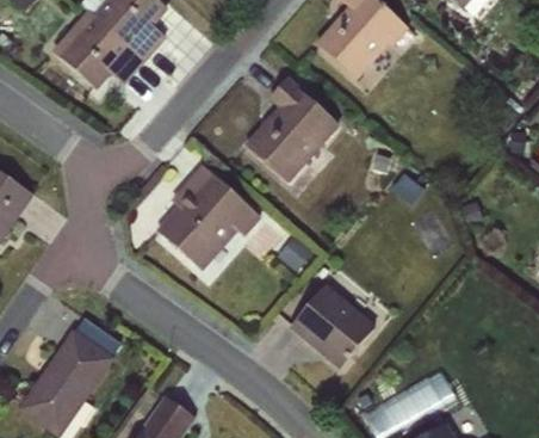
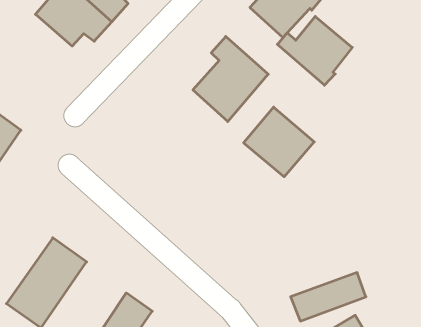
building: none -> [277,16,352,85]
building: [156,164,261,270] -> none
building: [289,282,376,368] -> [244,107,314,177]

